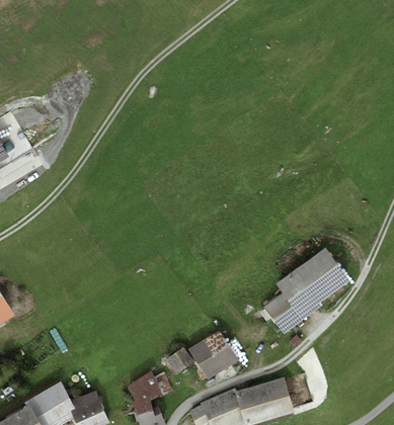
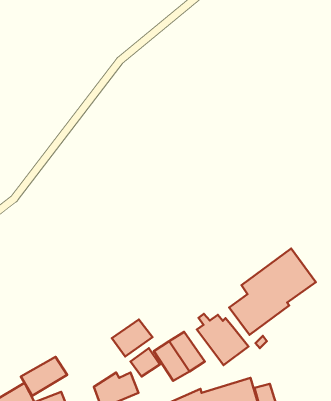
building: none -> [197,314,248,365]
building: none -> [112,319,152,357]
building: none -> [21,357,67,396]

